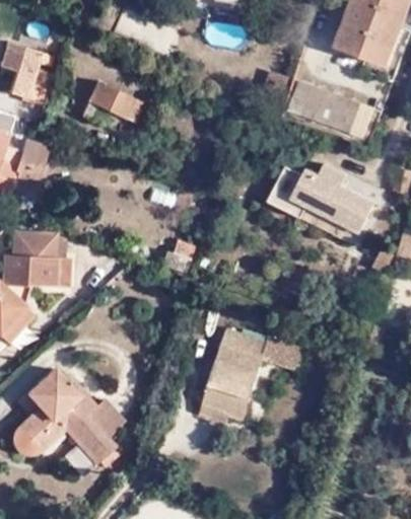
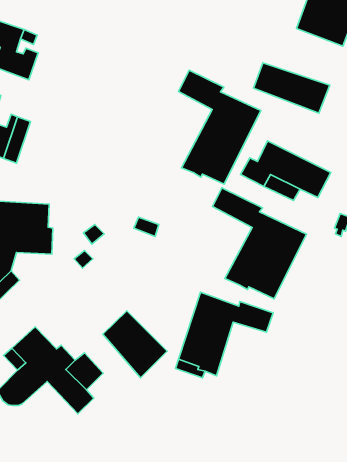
building: [87,80,142,122] -> none
building: none -> [178,70,261,184]
building: none -> [212,188,307,299]
building: none -> [103,311,167,378]

